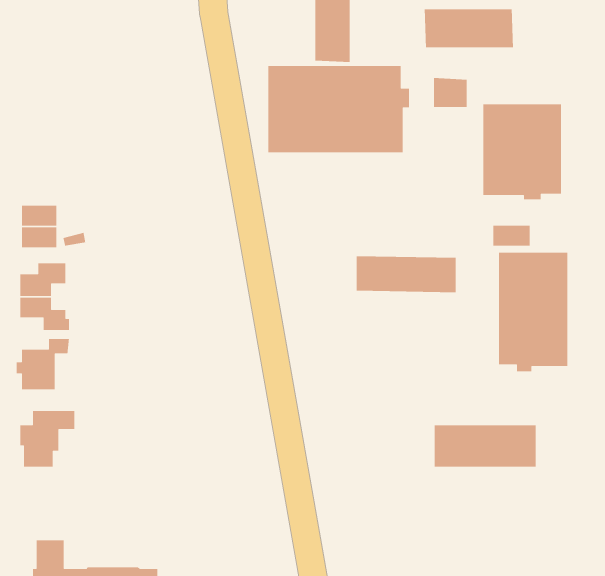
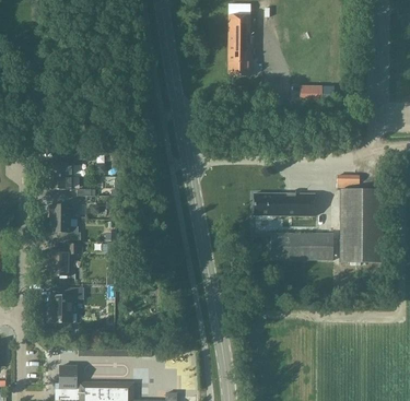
building: [424,9,514,48] -> none
building: [268,65,410,153] -> none
building: [483,103,562,200] -> none
building: [434,424,536,468] -> [271,234,333,260]

